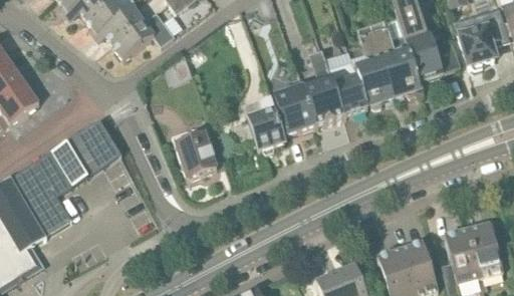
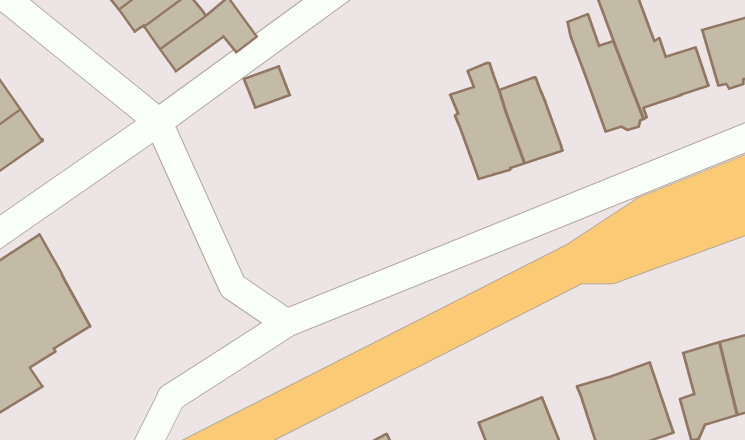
building: [353,26,395,106] -> none
building: [272,77,314,135] -> none
building: [244,100,283,155] -> none
building: [36,118,116,188] -> none
building: [171,124,216,178] -> none

